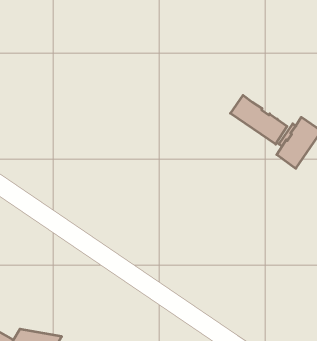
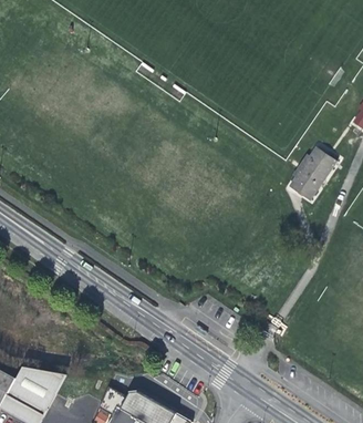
building: [230,95,287,144] -> none

